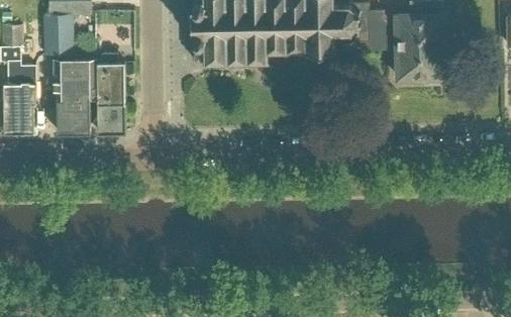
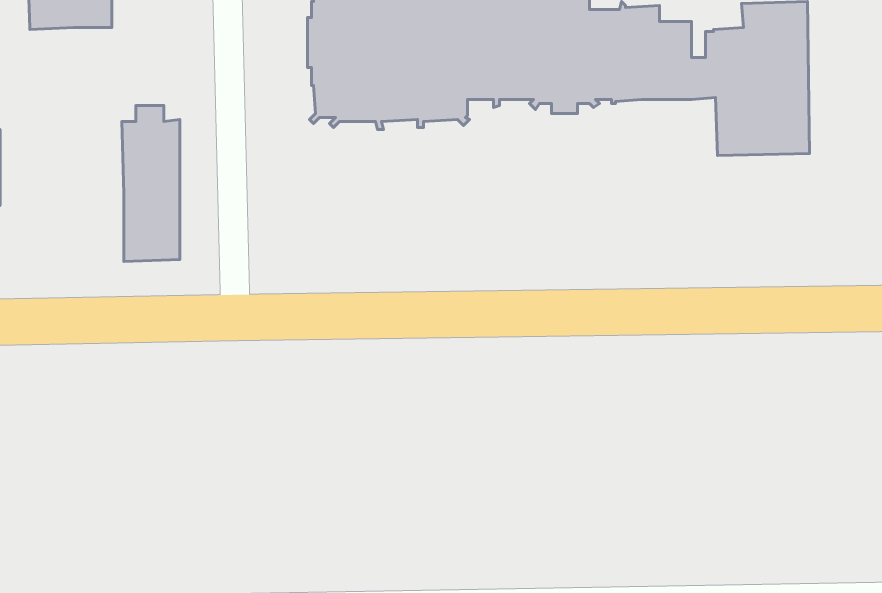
building: [42,15,72,56] -> none
building: [54,61,97,133] -> none

